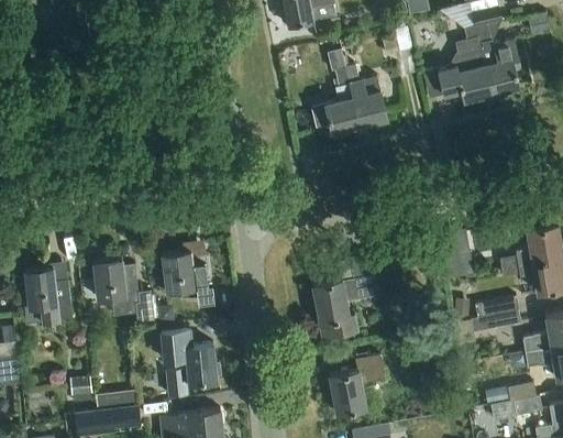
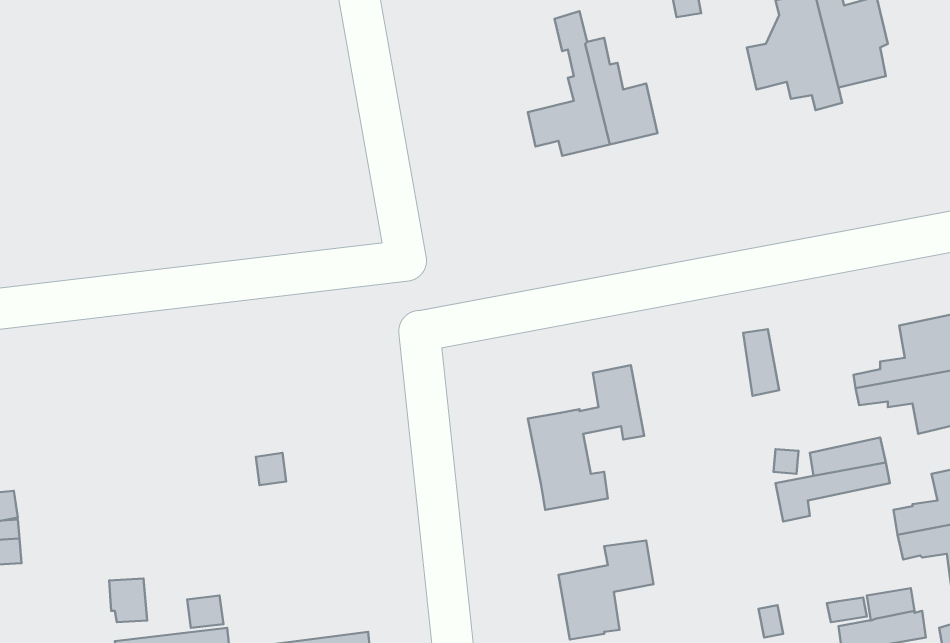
building: [163,251,209,296] -> none
building: [95,259,154,326] -> none
building: [24,266,71,324] -> none
building: [161,332,222,395] -> none

